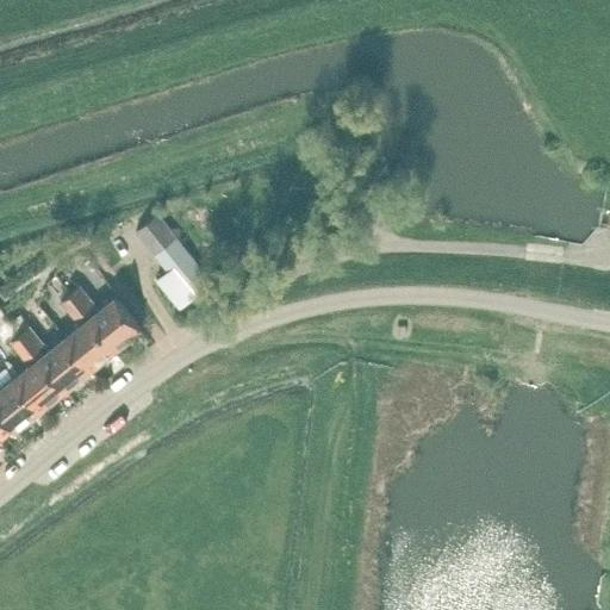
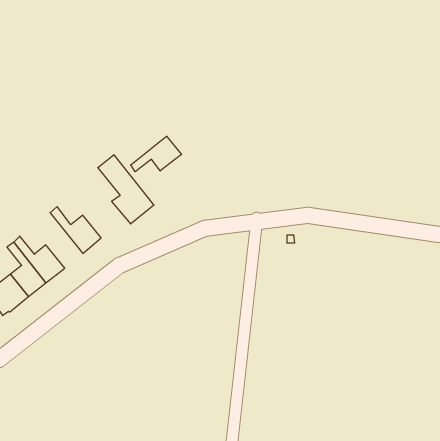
building: none -> [131,136,181,172]
building: [60,294,114,371] -> none

